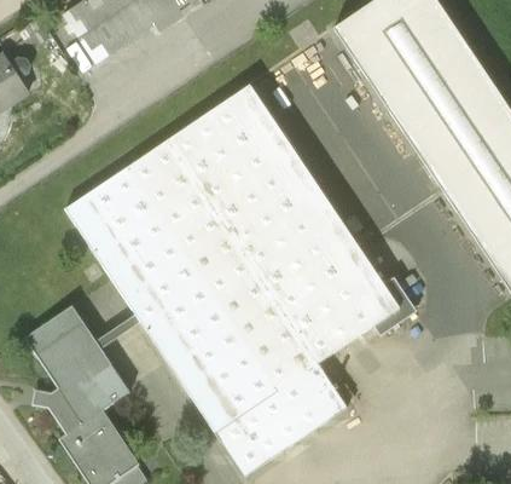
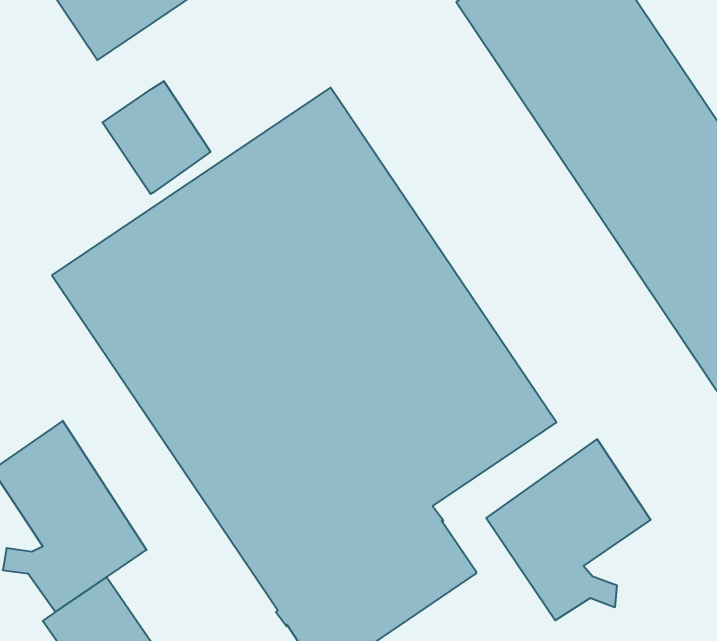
building: none -> [102,81,210,194]
building: none -> [486,439,651,620]

